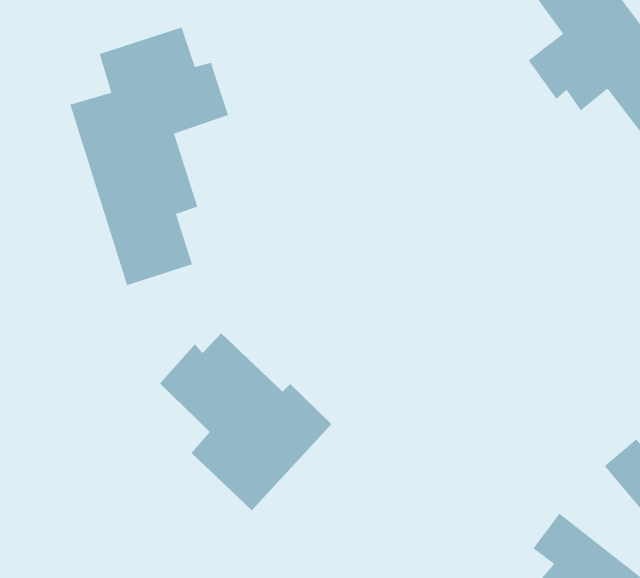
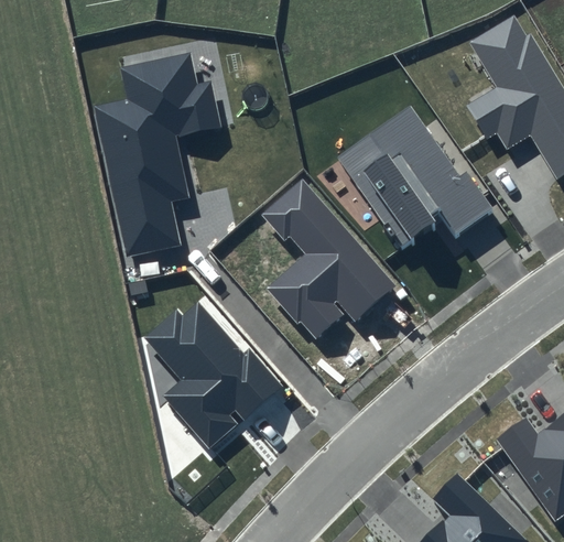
building: none -> [337,106,495,250]
building: none -> [262,180,395,339]

